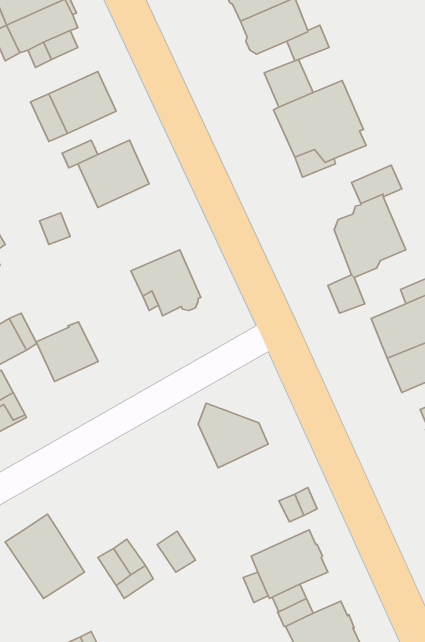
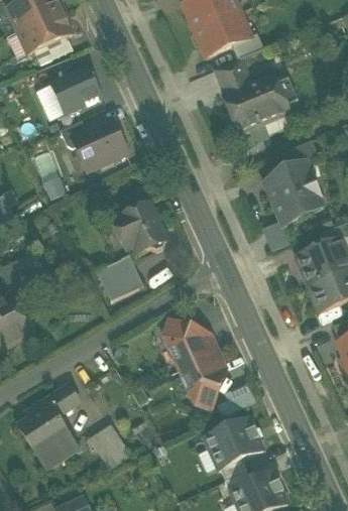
building: [36,322,98,381] -> [97,256,144,301]
building: none -> [180,352,226,409]
building: none -> [24,385,79,419]

